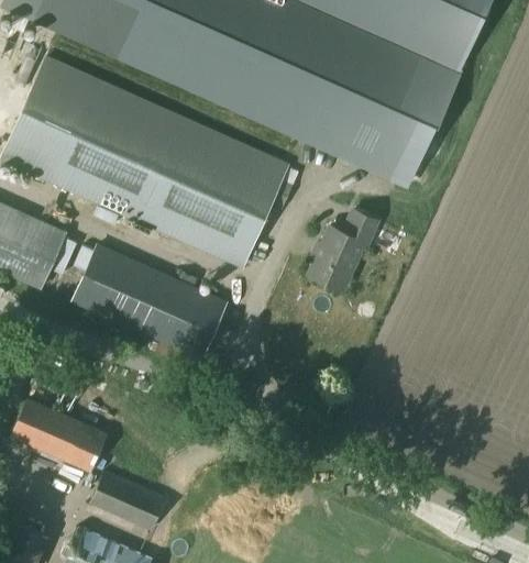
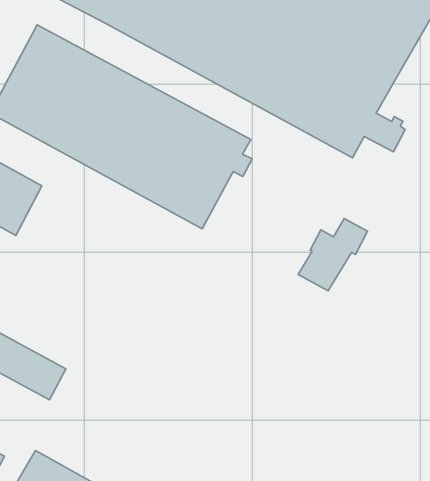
building: [310,208,382,288] -> [298,218,367,291]
building: [73,247,227,361] -> none
building: [91,468,166,528] -> none

